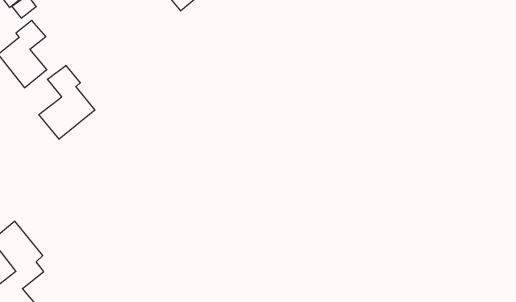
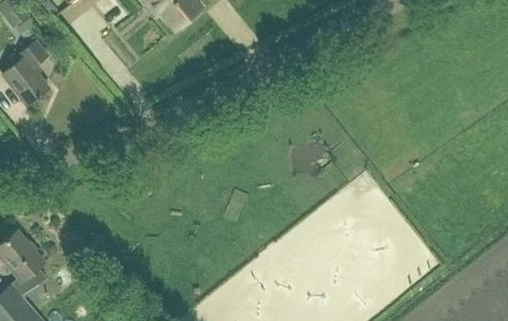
building: [39,65,95,139] -> none

